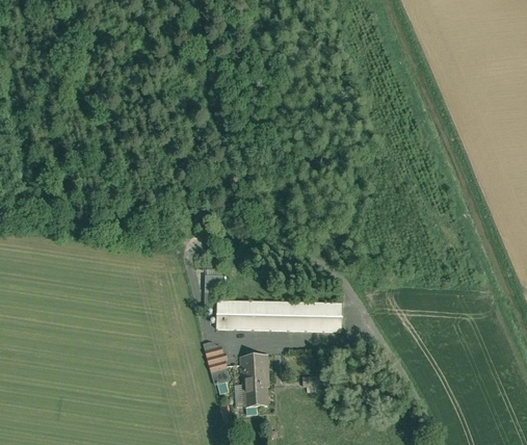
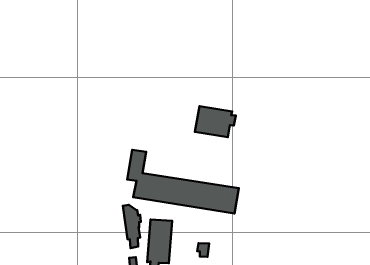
building: none -> [195,106,236,137]

